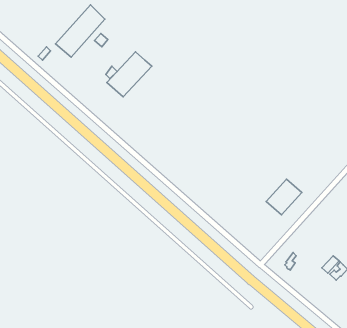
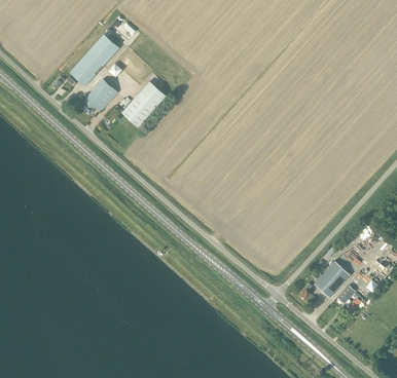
building: none -> [80,78,118,113]
building: [266,179,302,215] -> [315,260,351,296]

